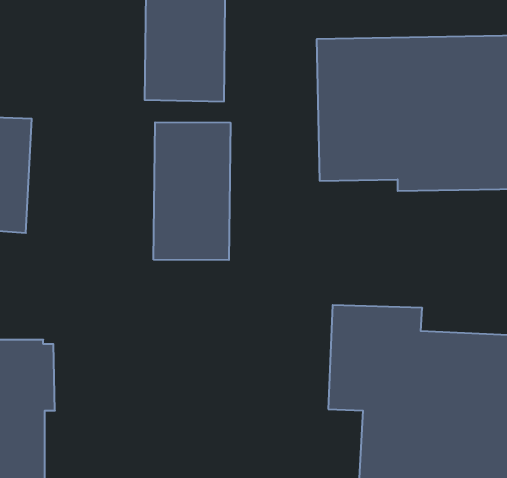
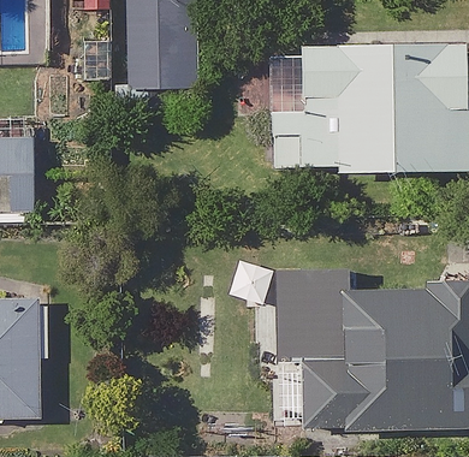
building: [154,122,230,260] -> none

